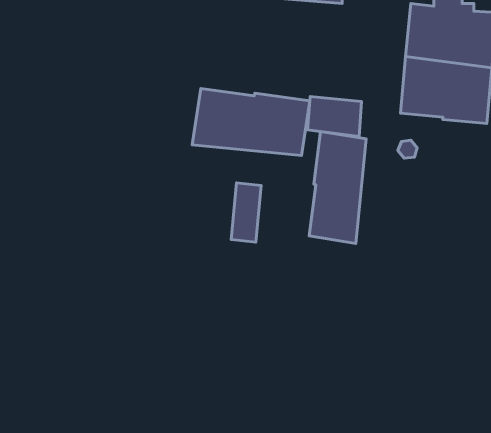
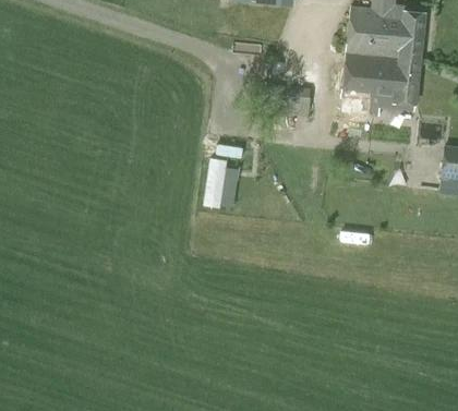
building: [192,89,310,156] -> none
building: [309,132,366,244] -> none

